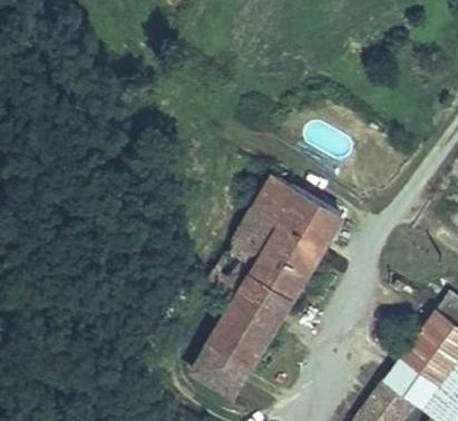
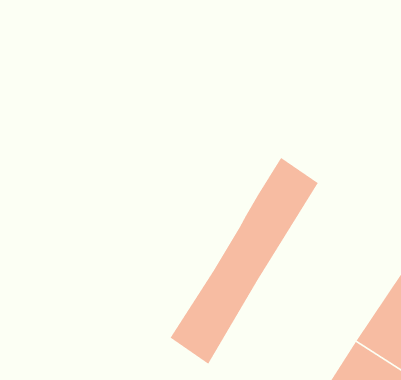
building: [204,169,305,306] -> none

